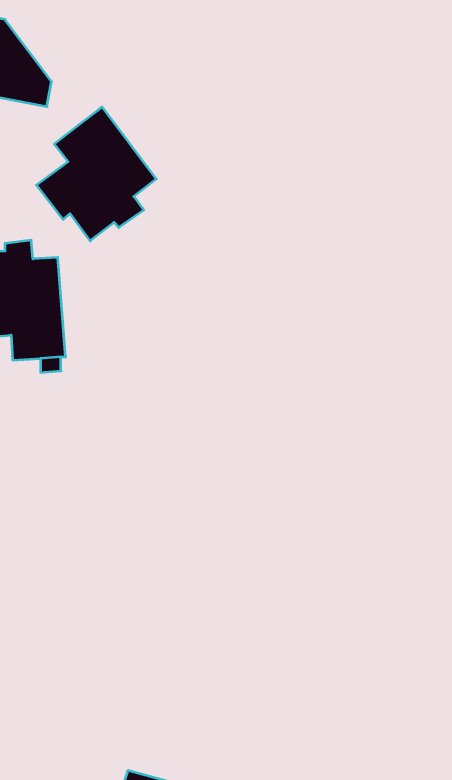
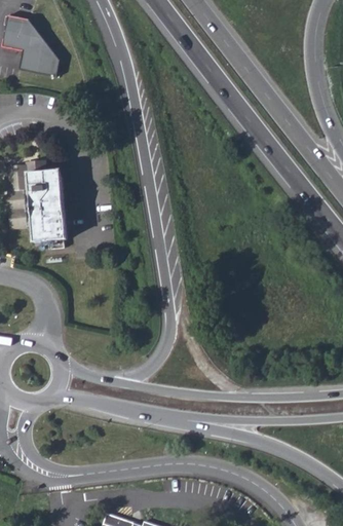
building: [36,107,156,241] -> none

